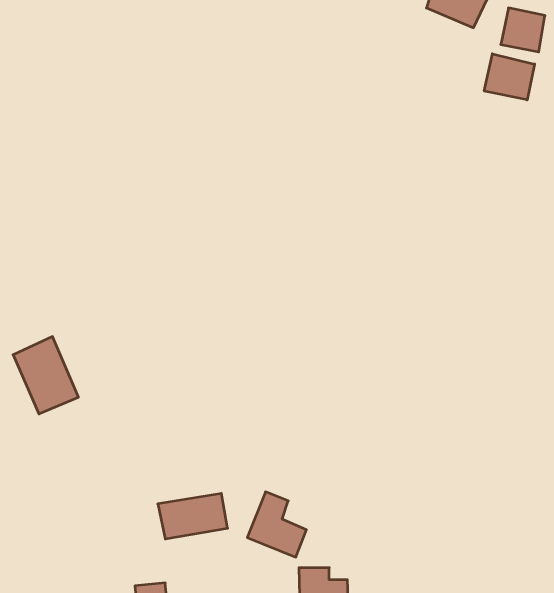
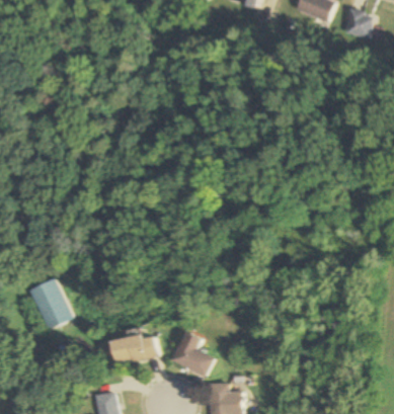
building: [484,54,535,100] -> none
building: [13,337,78,414] -> [28,278,72,330]

